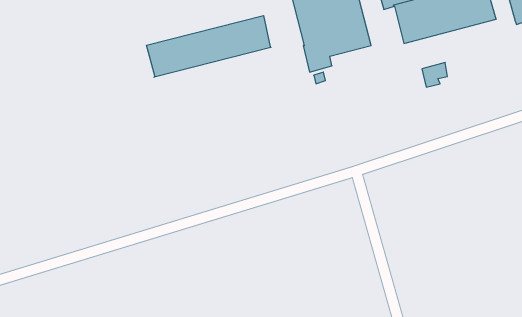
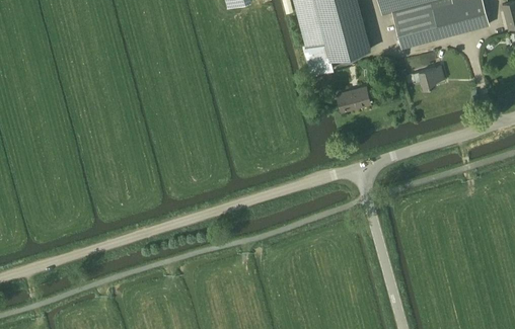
building: [147,16,271,77] -> none
building: none -> [337,88,370,111]

